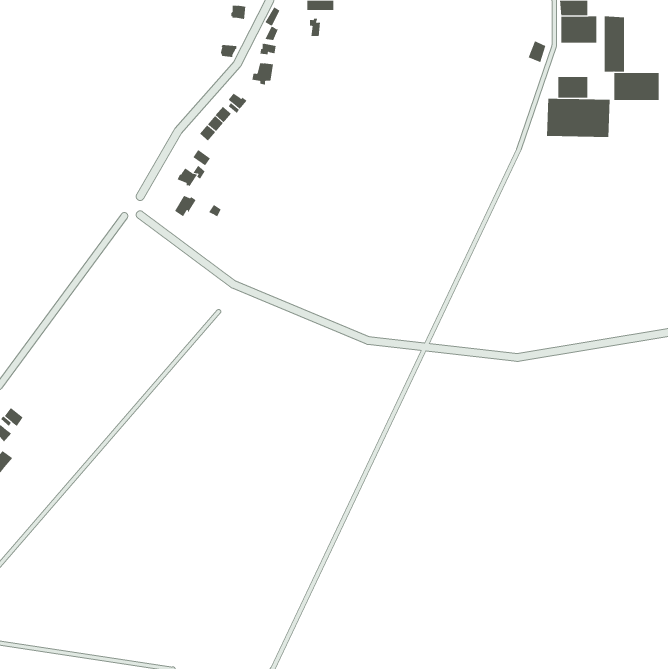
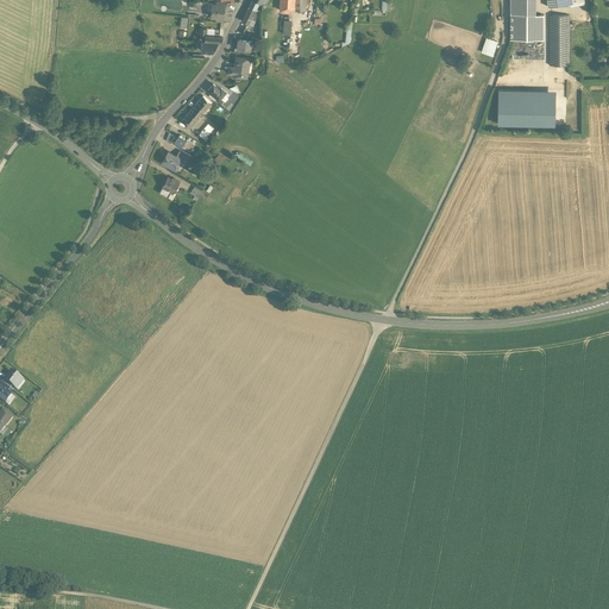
building: [614,72,659,101] -> none
building: [558,76,588,98] -> none

